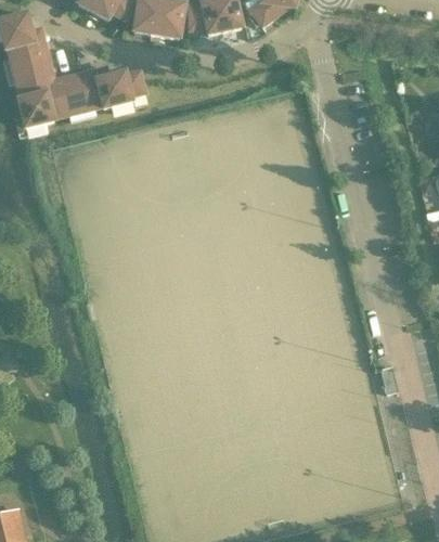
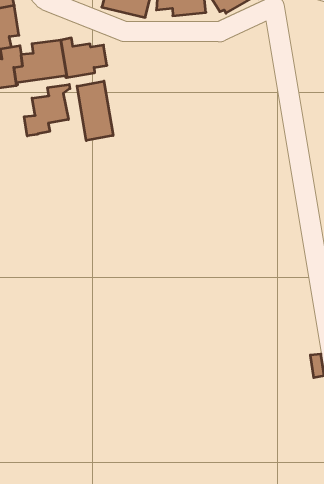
building: none -> [77,81,113,141]
building: none -> [24,84,70,136]

